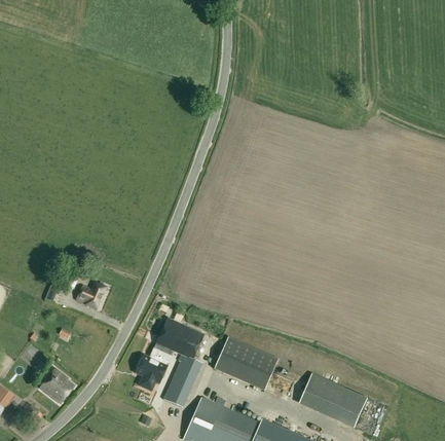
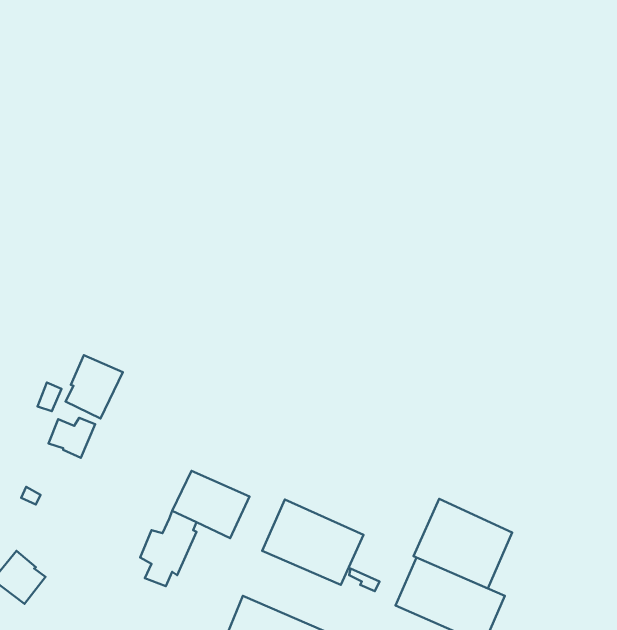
building: none -> [65,355,123,419]
building: none -> [414,499,512,588]
building: [163,355,201,406] -> none

